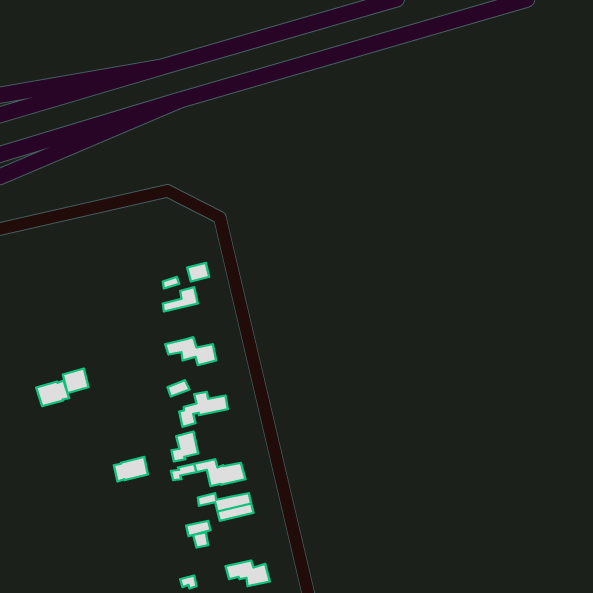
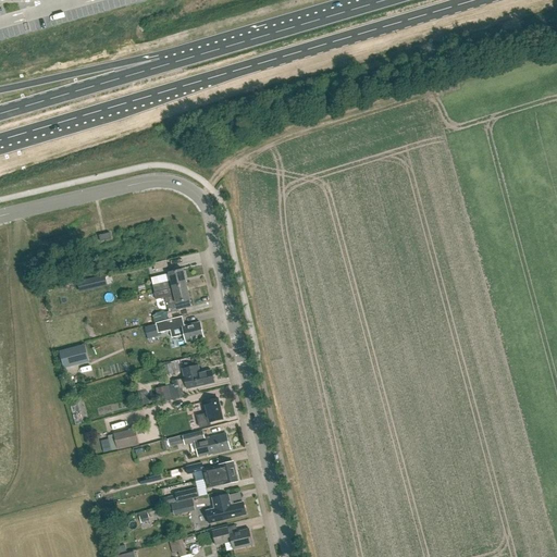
building: none -> [152,284,190,322]
building: [36,380,69,406] -> none
building: [171,431,198,462] -> [197,397,222,425]
building: none -> [205,493,246,522]

